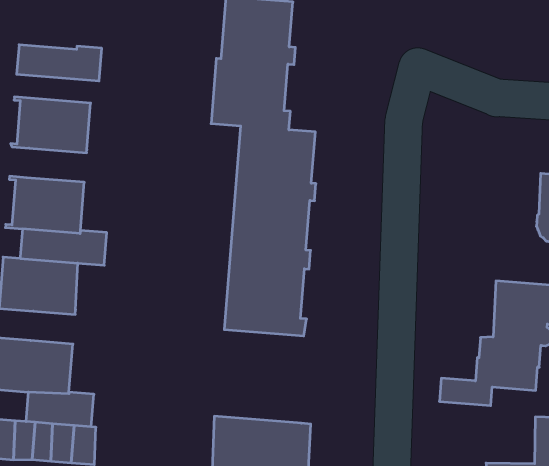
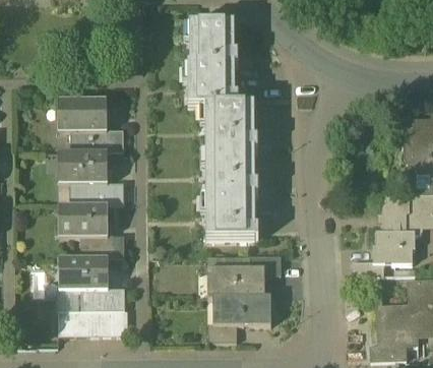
building: [17,45,102,81] -> [69,129,123,150]
building: none -> [80,234,124,256]
building: none -> [203,255,280,296]

